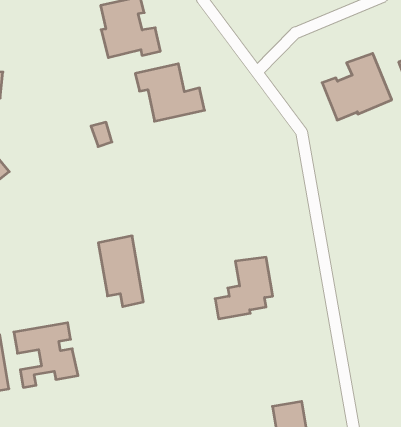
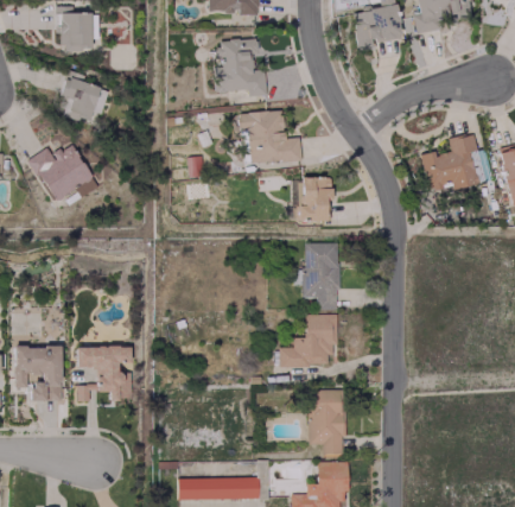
building: none -> [298,177,331,221]
building: [98,236,143,307] -> [304,242,338,310]
building: none -> [309,389,344,455]

